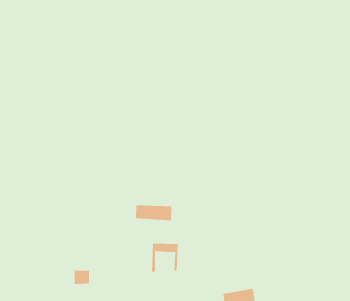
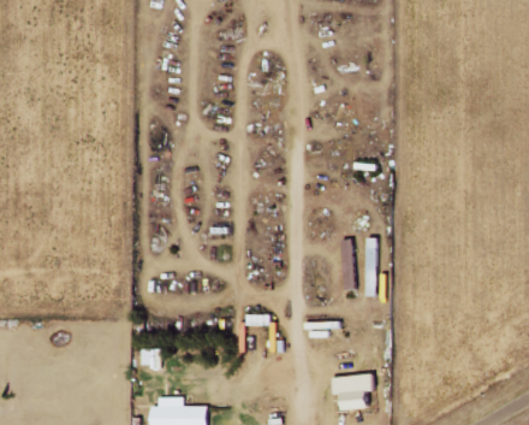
building: [135,205,172,221] -> none

